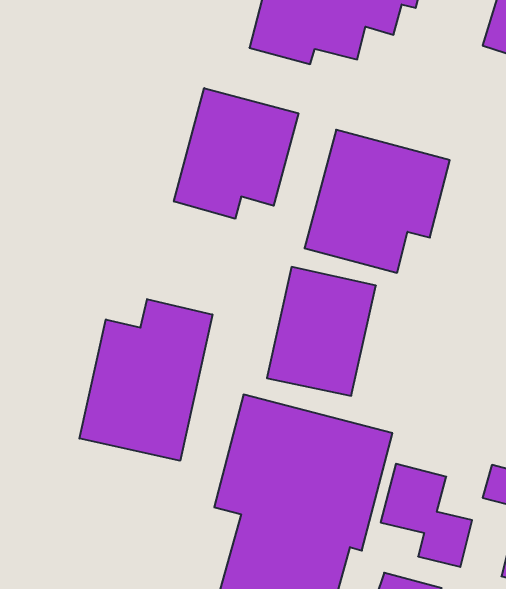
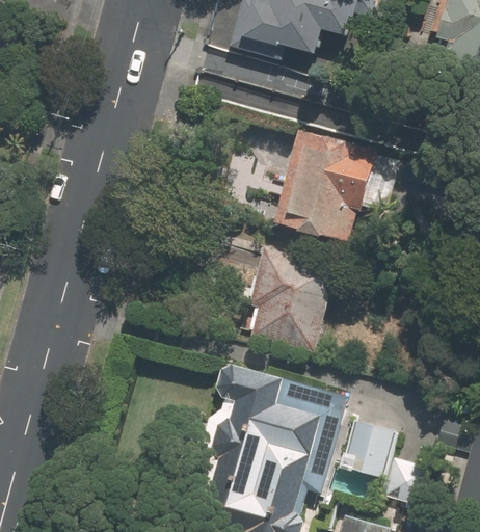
building: [174,88,298,219] -> none
building: [79,299,212,461] -> none

